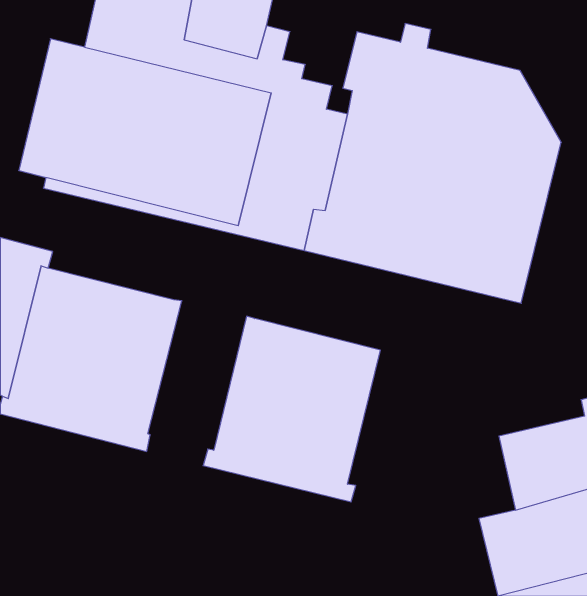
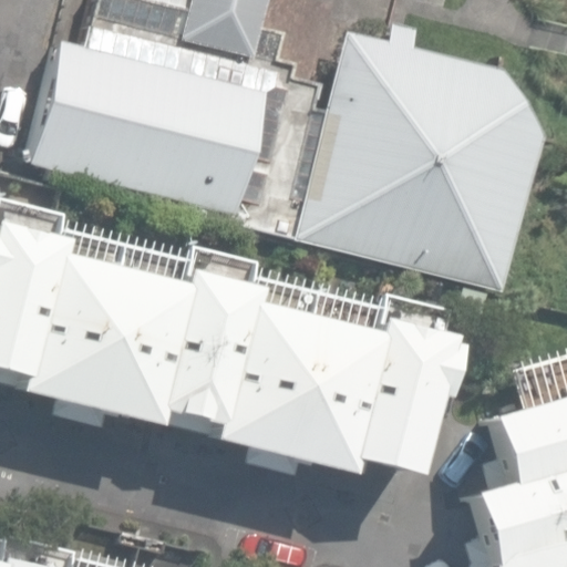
building: none -> [152,267,256,424]
building: none -> [340,315,453,474]

